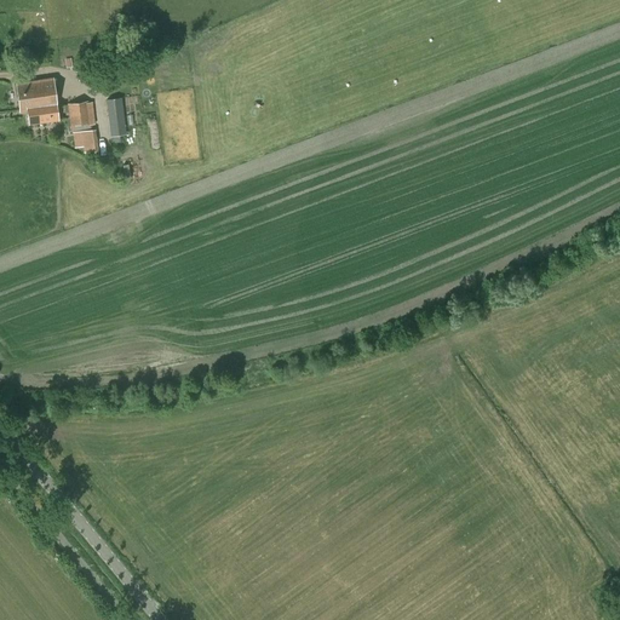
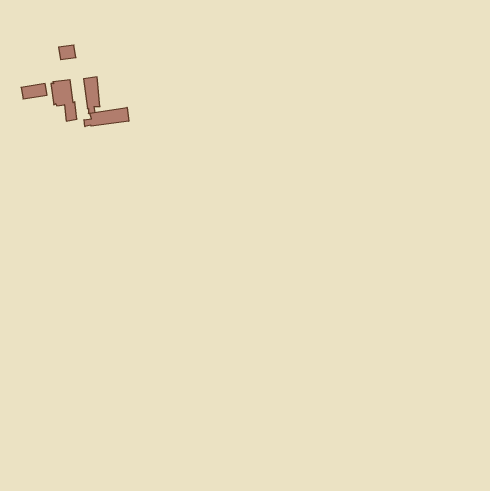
building: [17,79,58,111] -> none
building: none -> [84,107,129,127]

